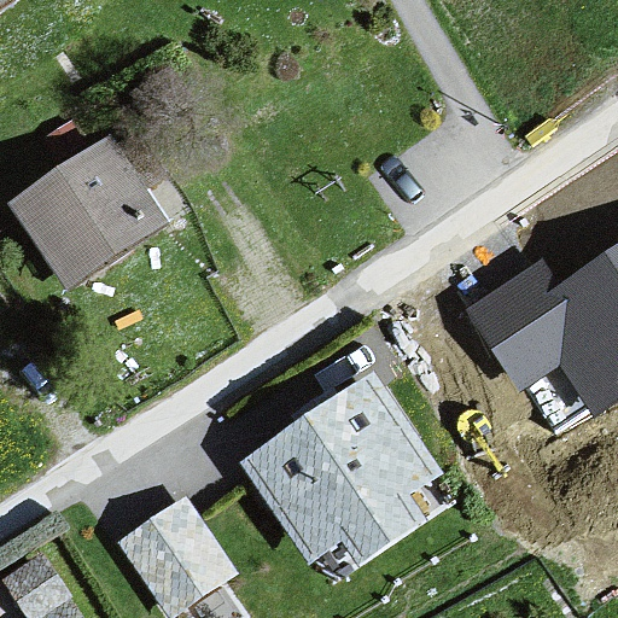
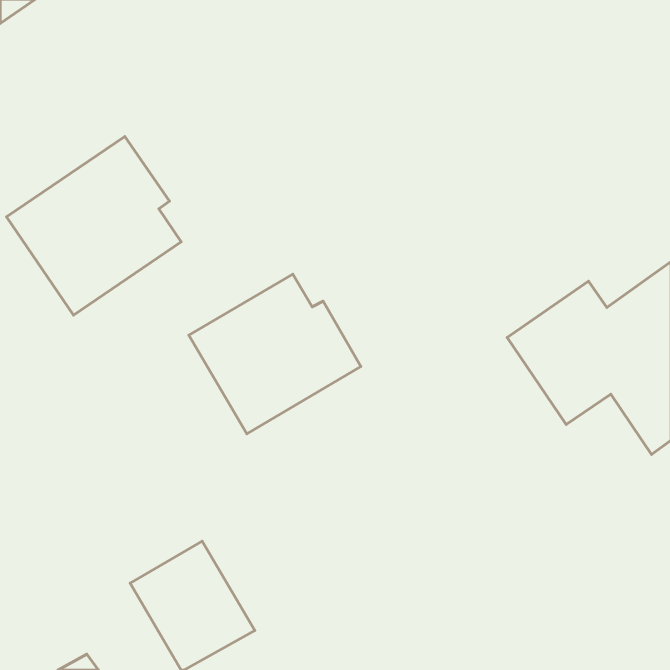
building: none -> [189,274,361,434]
building: [240,375,432,561] -> none

